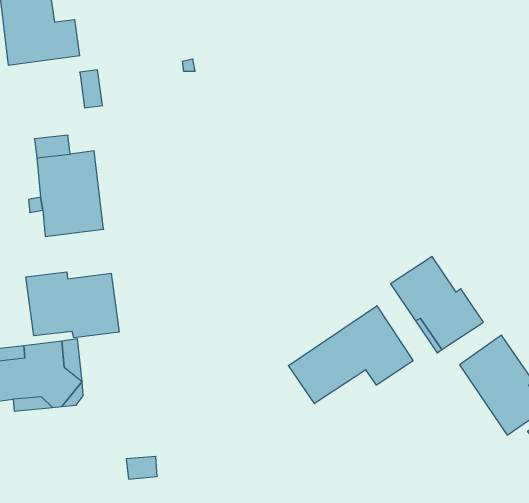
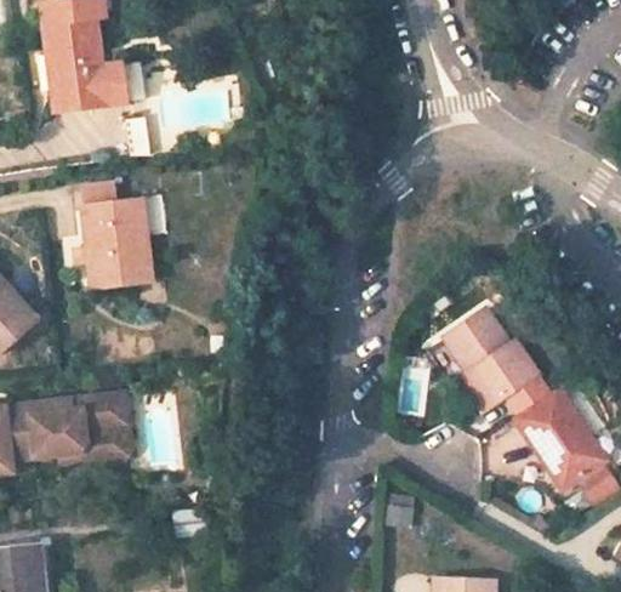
building: [26,272,119,338] -> none
building: [288,306,413,404] -> none

